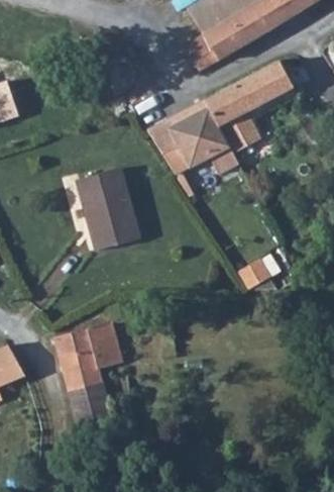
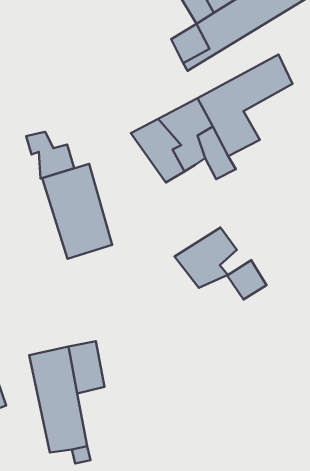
building: none -> [26,132,74,179]
building: none -> [175,227,237,288]

